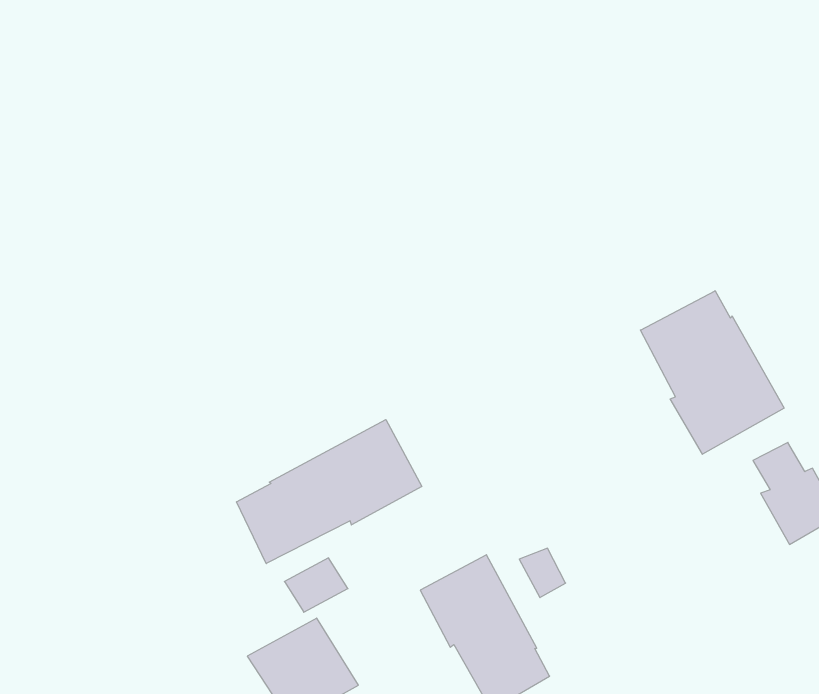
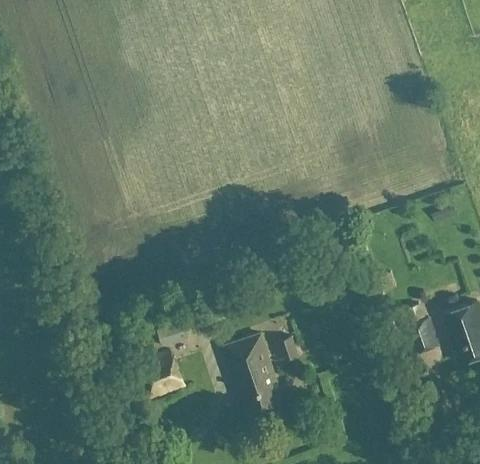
building: [640,291,784,454] -> none
building: [237,420,422,564] -> none

